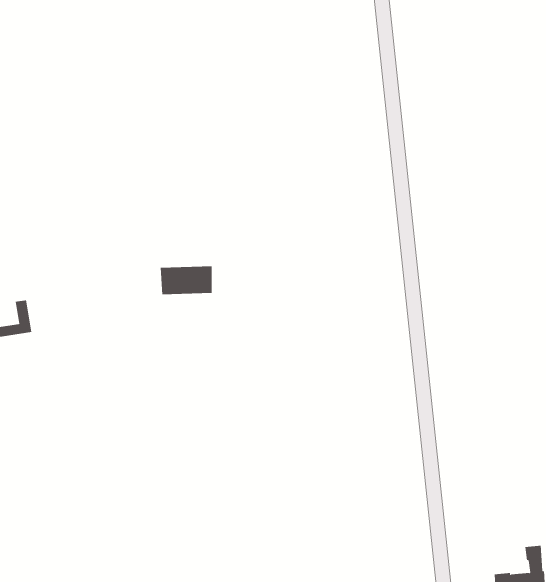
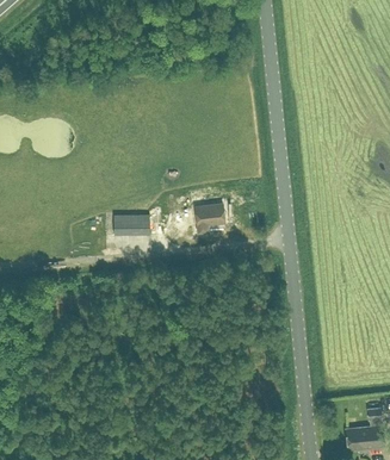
building: none -> [196,205,224,234]

